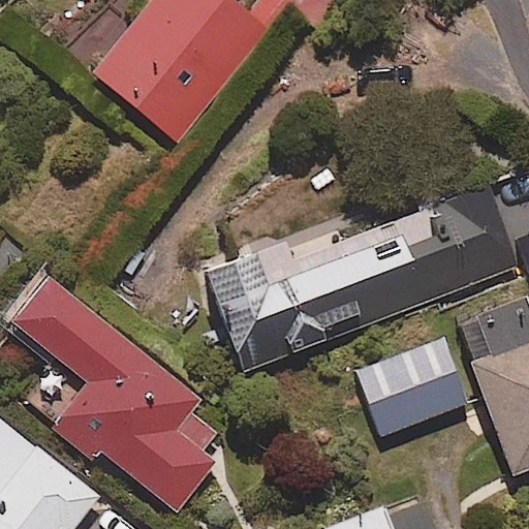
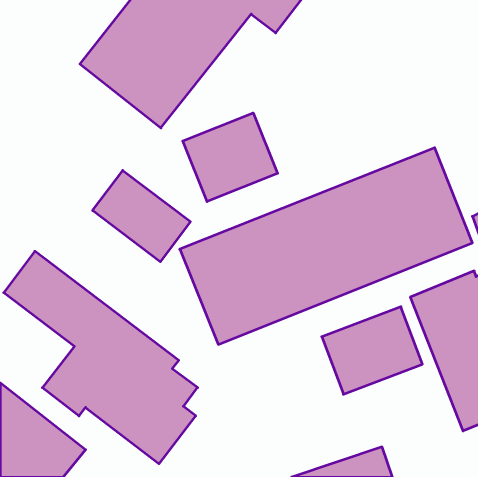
building: none -> [183,113,278,202]
building: none -> [93,170,190,262]

